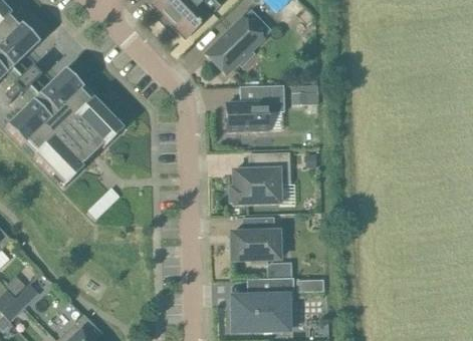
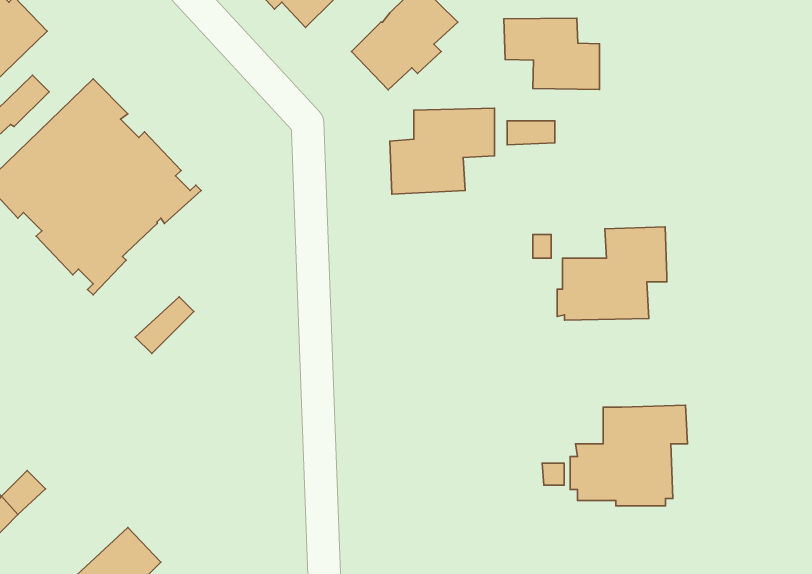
building: none -> [504,18,599,89]
building: [231,152,291,204] -> [557,227,667,320]
building: [231,217,280,262] -> none
building: [231,277,295,332] -> [570,405,687,506]

